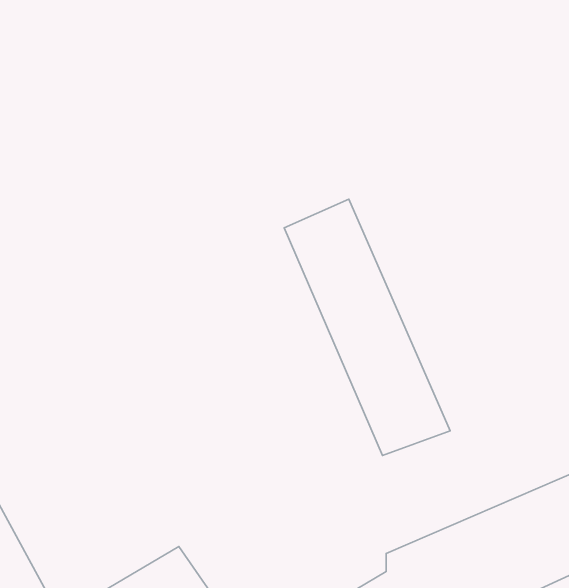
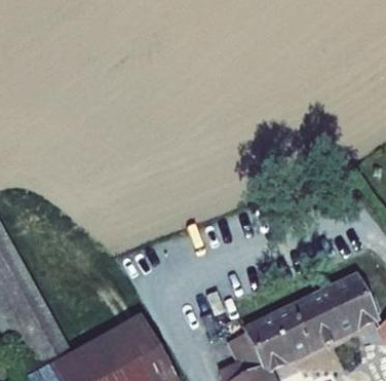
building: [284,199,450,455] -> none

